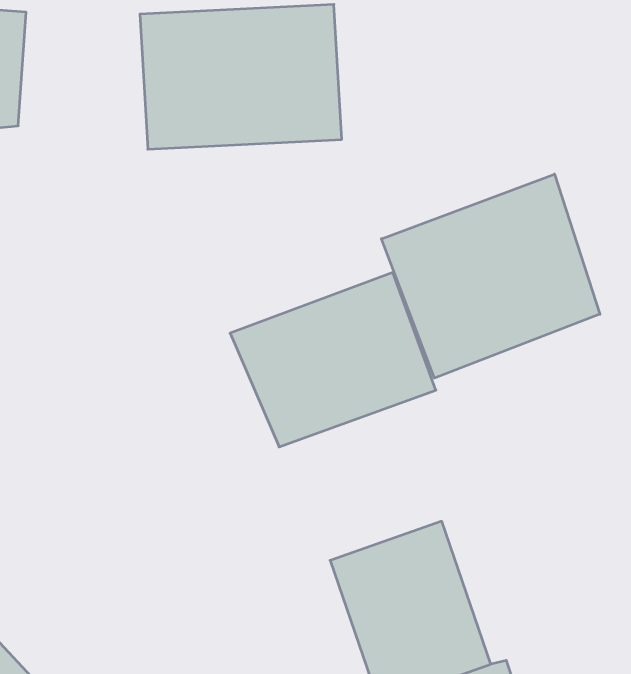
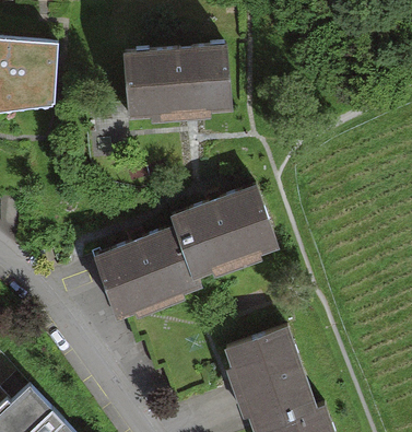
building: [381,174,600,378] -> none
building: none -> [90,221,197,316]

